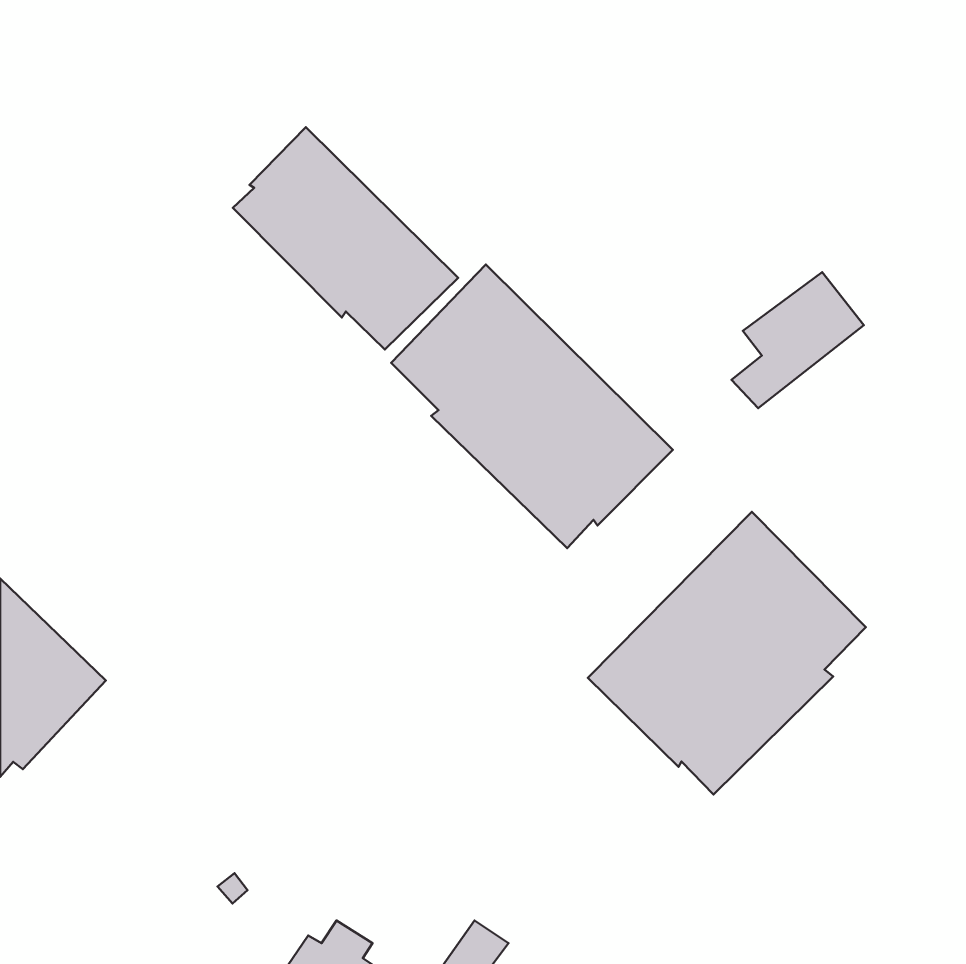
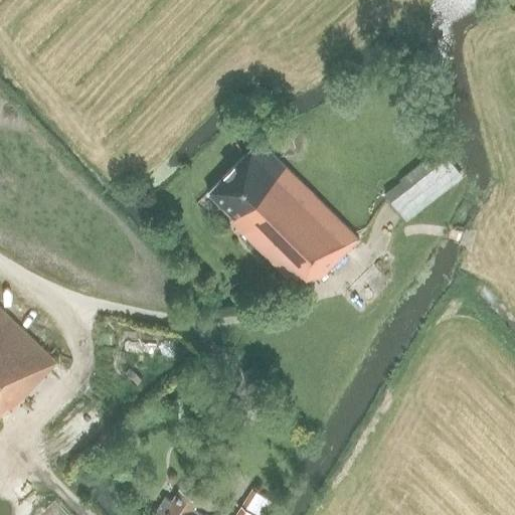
building: [233,127,458,350] -> none
building: [588,512,866,795] -> none

